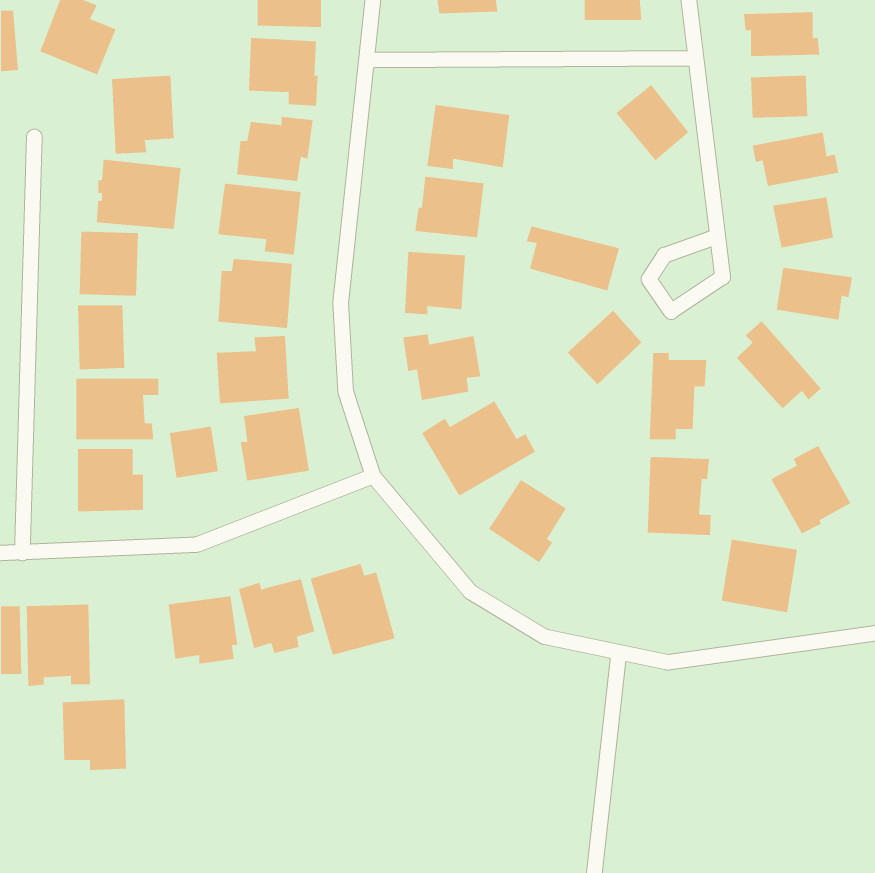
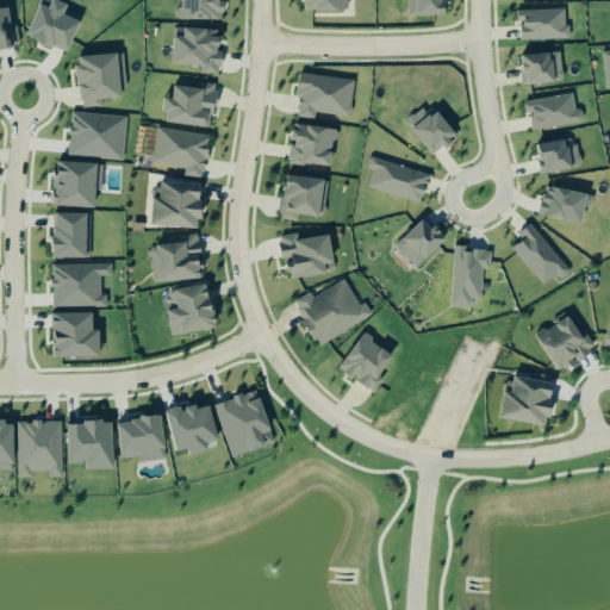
building: [616,84,689,161] -> [406,101,458,155]
building: [169,426,218,478] -> none
building: [647,456,711,536] -> none
building: [62,699,127,771] -> [68,419,113,469]

